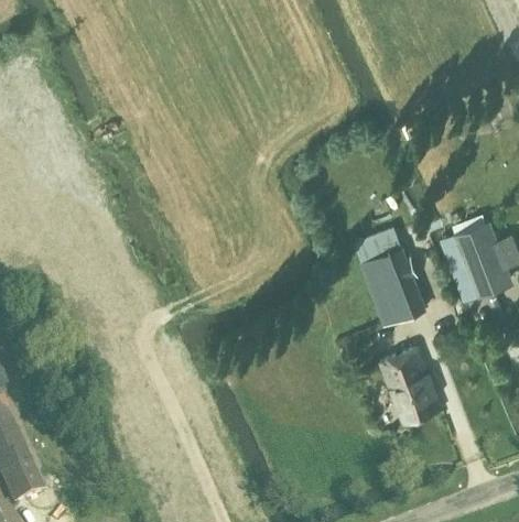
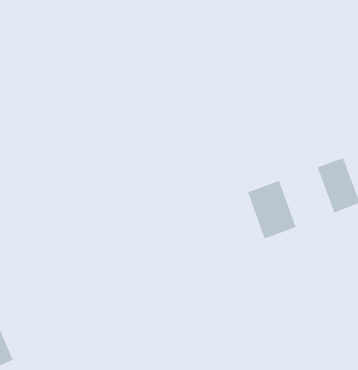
building: [354,226,403,263] -> none
building: [380,344,443,421] -> none

